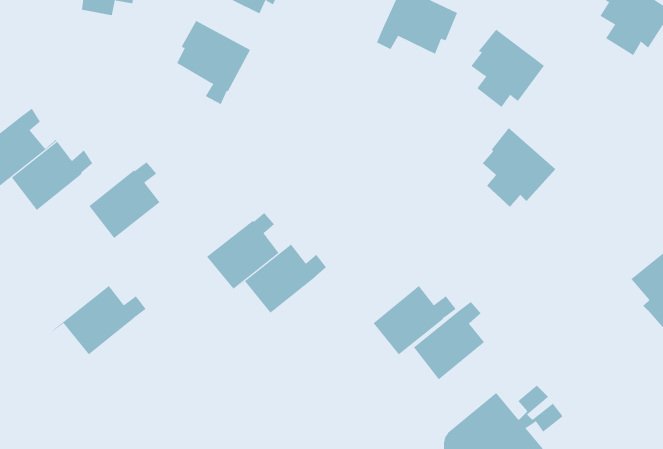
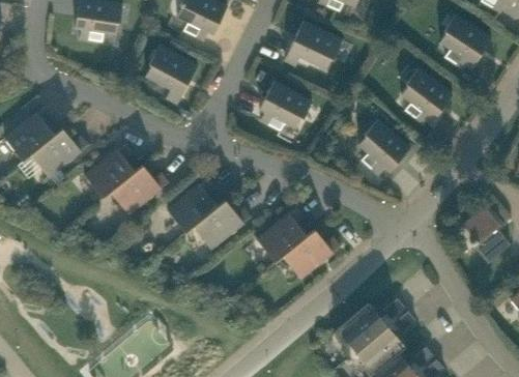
building: [470,29,545,108] -> [401,68,453,123]
building: none -> [259,81,312,130]
building: [51,285,147,355] -> [103,165,169,213]
building: [413,301,497,380] -> [257,207,315,262]

